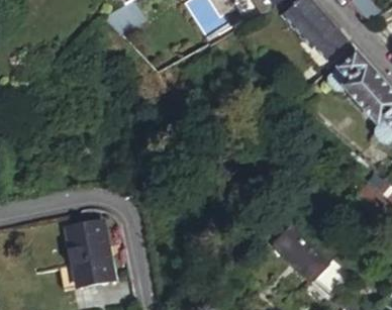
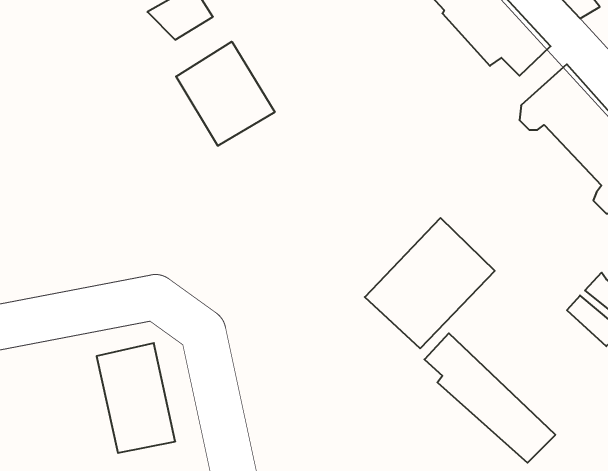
building: none -> [176,42,275,146]
building: none -> [365,218,495,348]

